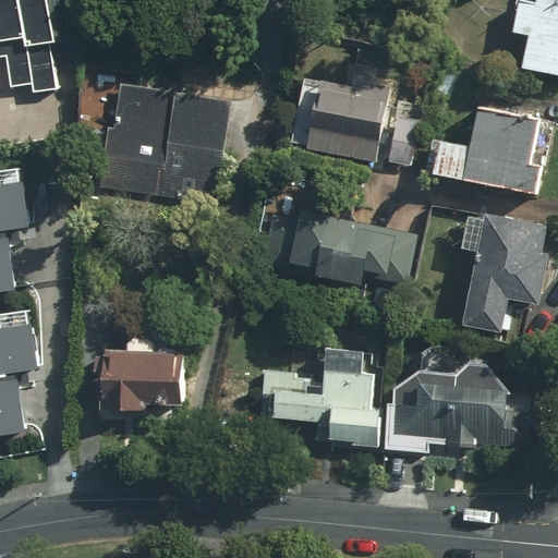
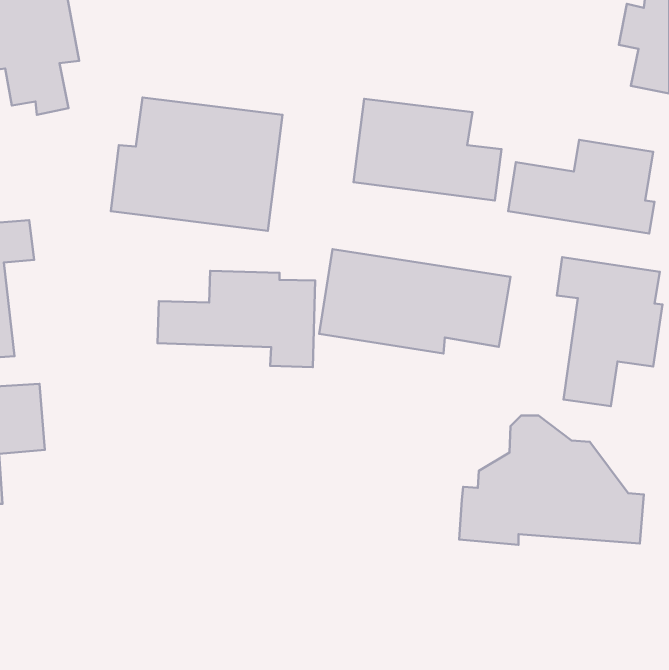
building: none -> [157,271,315,367]
building: [256,349,381,446] -> none
building: [94,351,185,412] -> none

